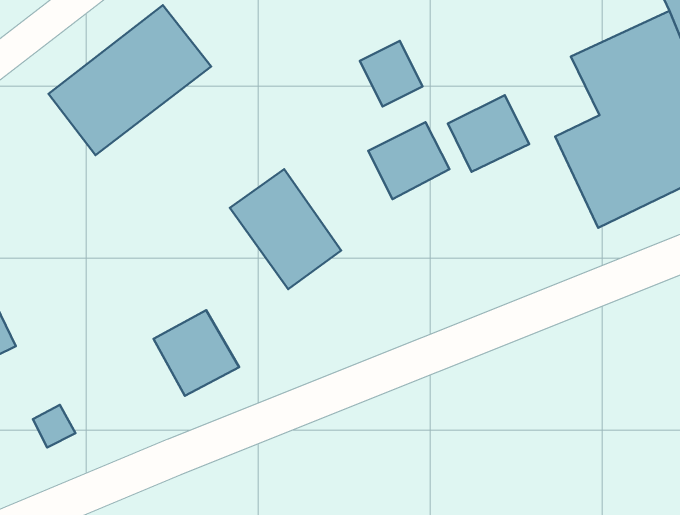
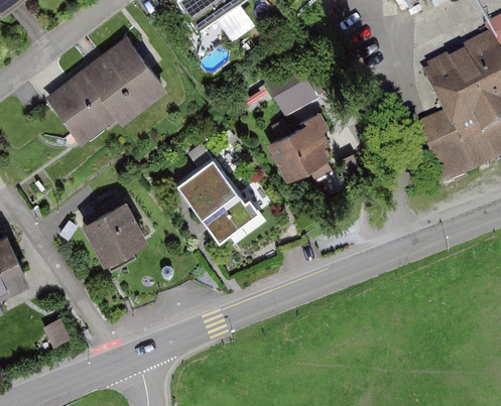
building: [448,95,529,172] -> none
building: [153,310,239,396] -> [85,197,145,258]

